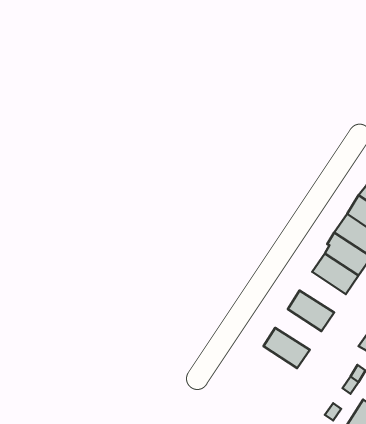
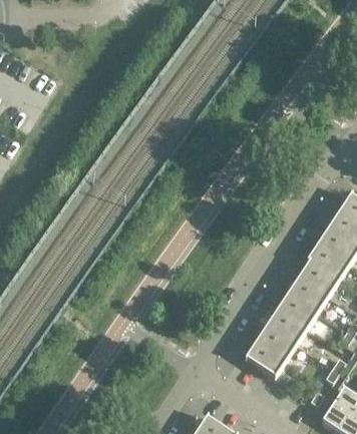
building: none -> [287,277,327,312]
building: none -> [266,309,306,344]
building: none -> [245,341,285,377]

